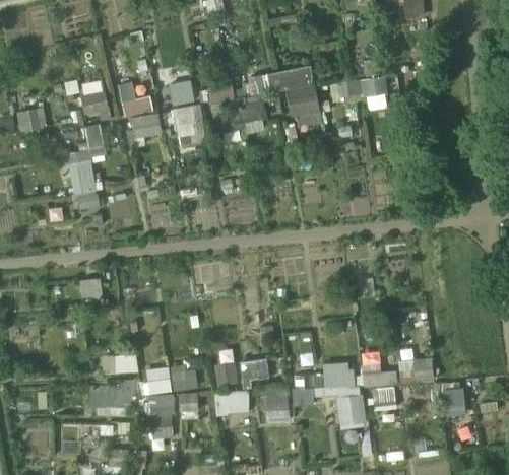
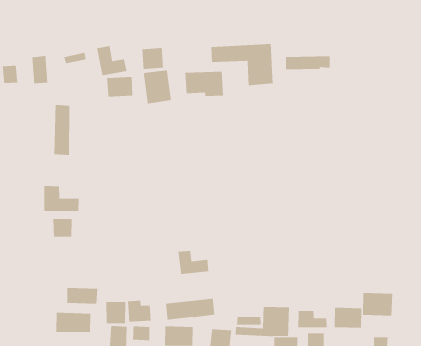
building: [85,124,106,157] -> [32,55,48,84]
building: none -> [44,185,79,212]
building: none -> [178,250,209,275]
building: none -> [362,292,393,317]

